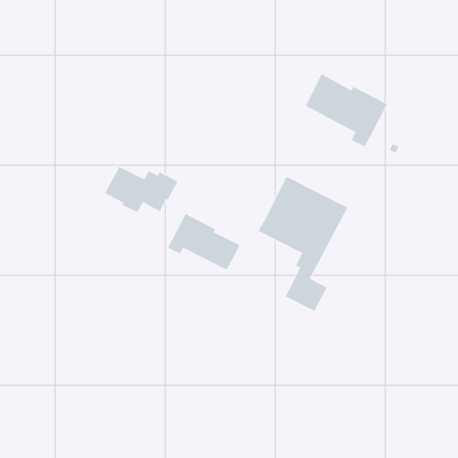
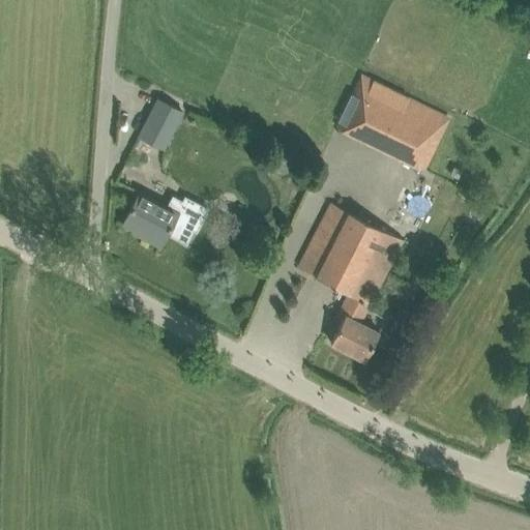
building: none -> [137,99,180,149]
building: [168,213,241,270] -> none

